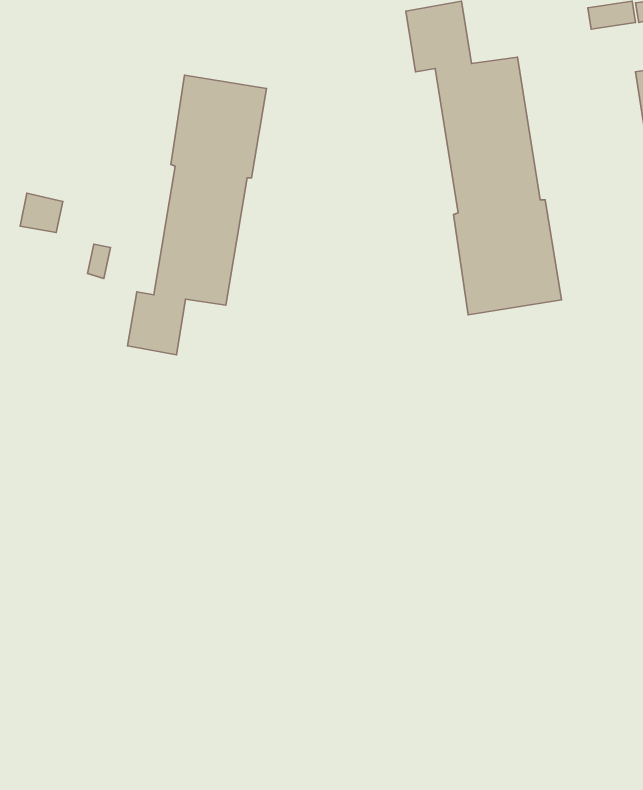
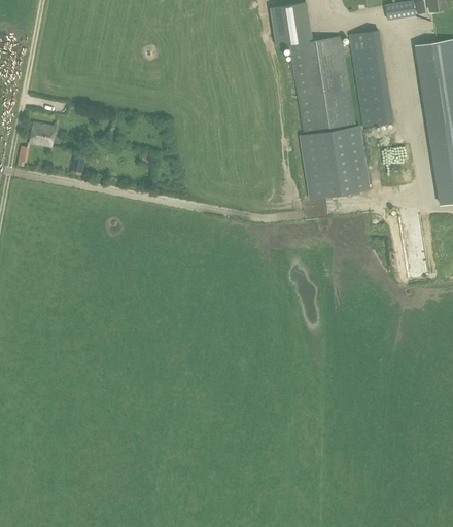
building: none -> [349,29,392,125]
building: [128,75,266,355] -> none

